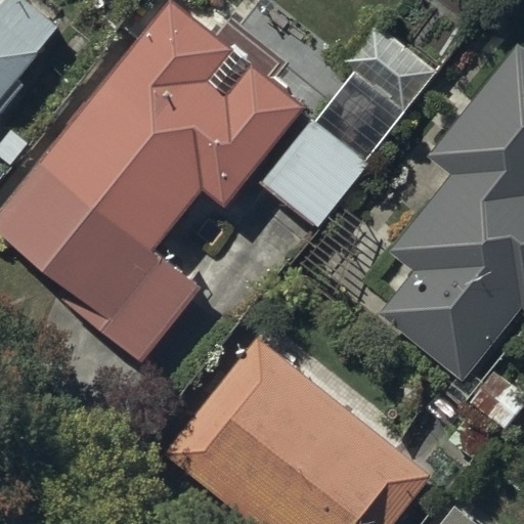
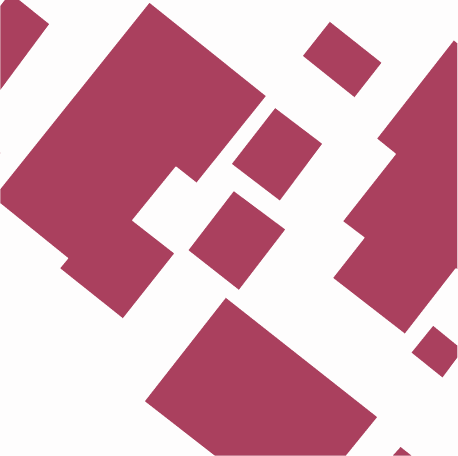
building: none -> [188,190,286,291]

